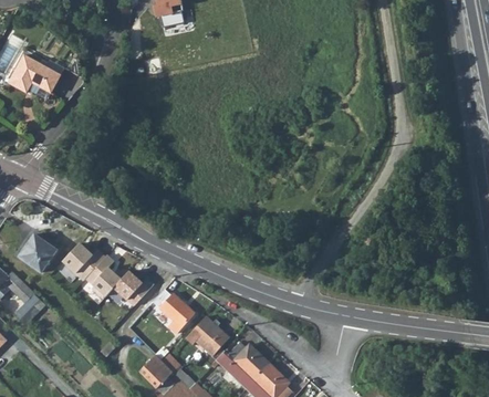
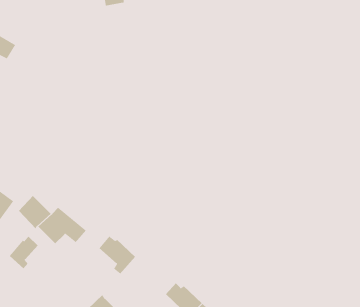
building: none -> [9,236,39,269]
building: [195,315,229,355] -> none

